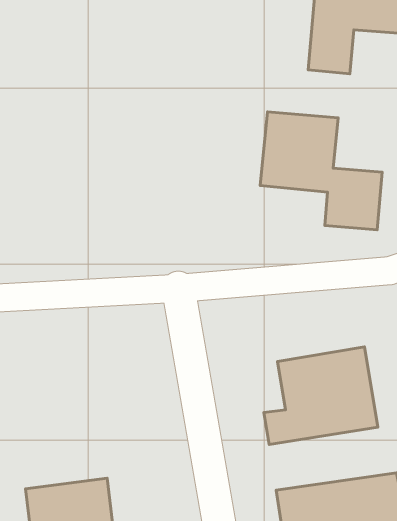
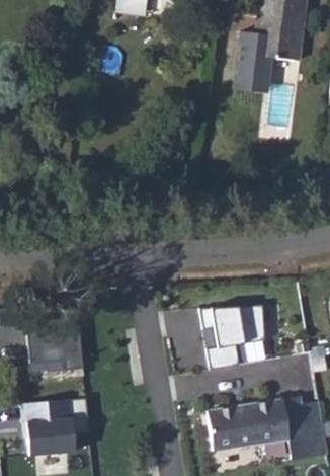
building: [260,112,382,230] -> none
building: none -> [26,328,79,369]

